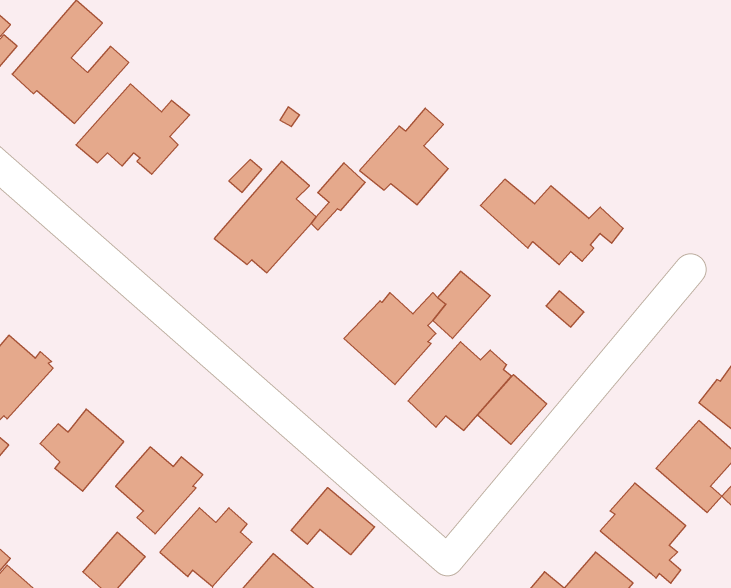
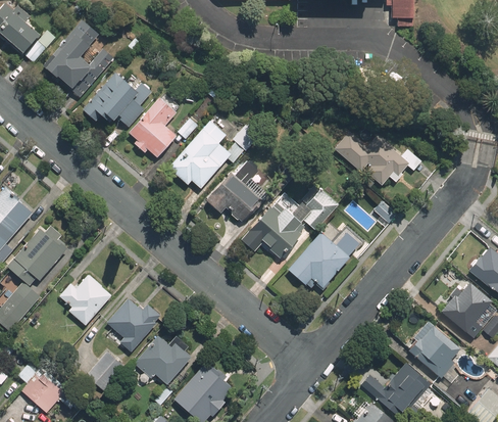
building: [360,108,448,205] -> [206,160,261,221]
building: none -> [129,93,180,157]
building: [477,375,547,444] -> none
building: [291,488,375,555] -> none

